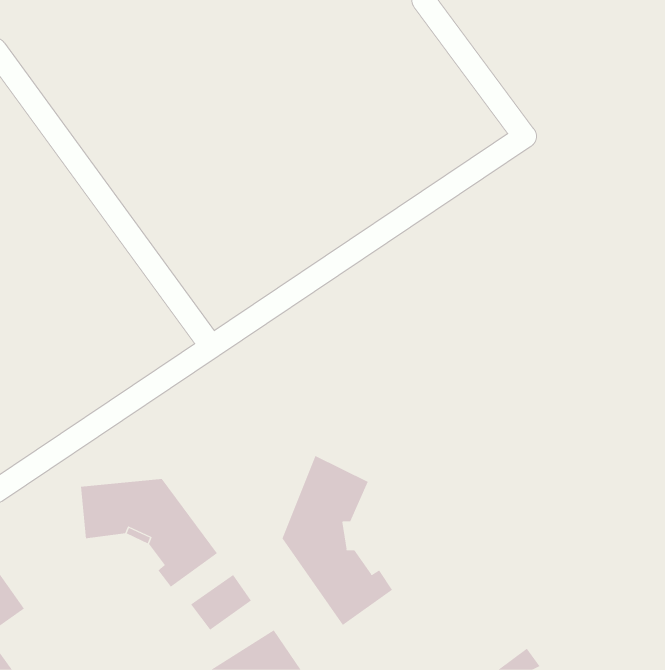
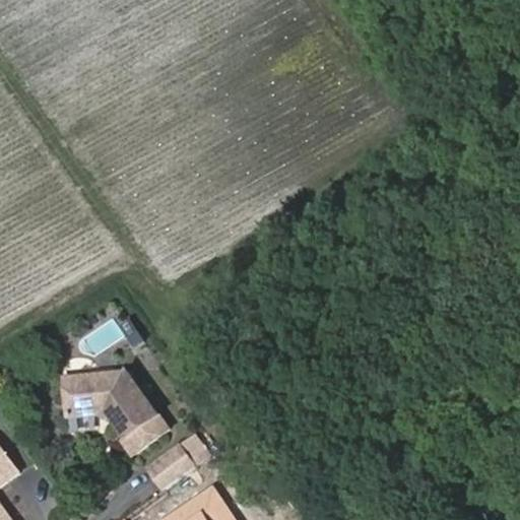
building: [282,455,393,626] -> none

